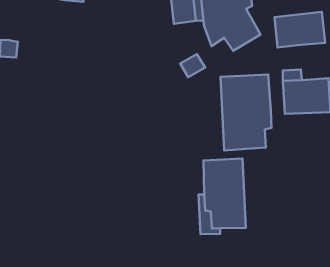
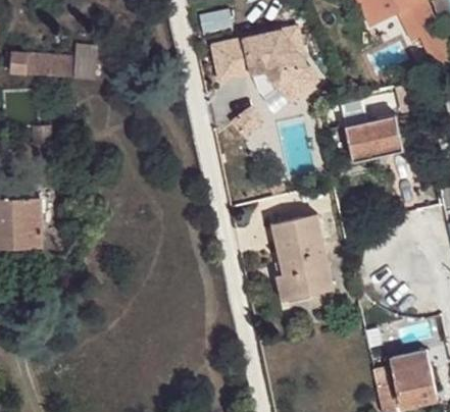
building: [275,12,325,48] -> none
building: [221,74,271,151] -> none

